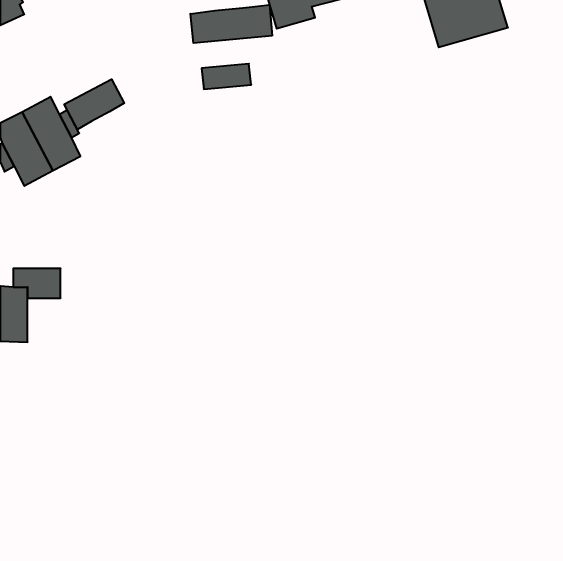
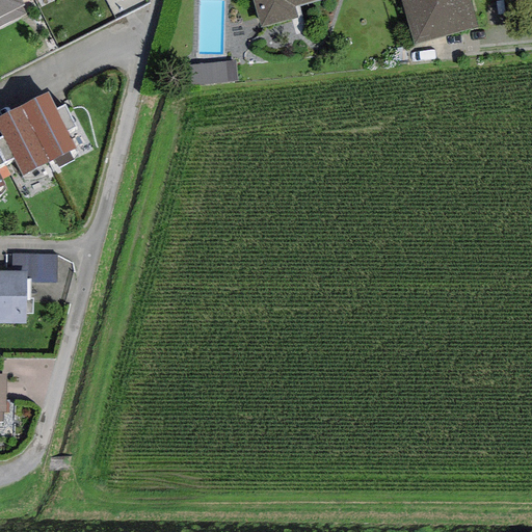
building: [190,5,272,43] -> none
building: [64,79,124,129] -> none

